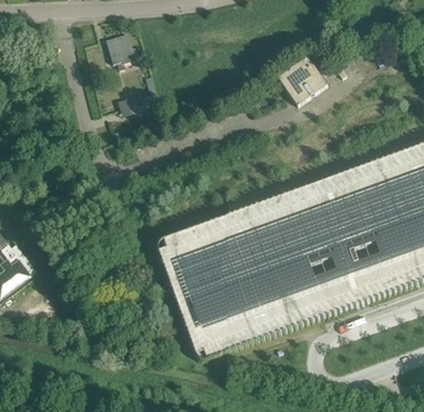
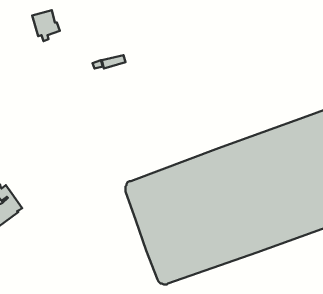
building: [105,34,138,70] -> [32,10,60,41]
building: [277,56,328,105] -> none

